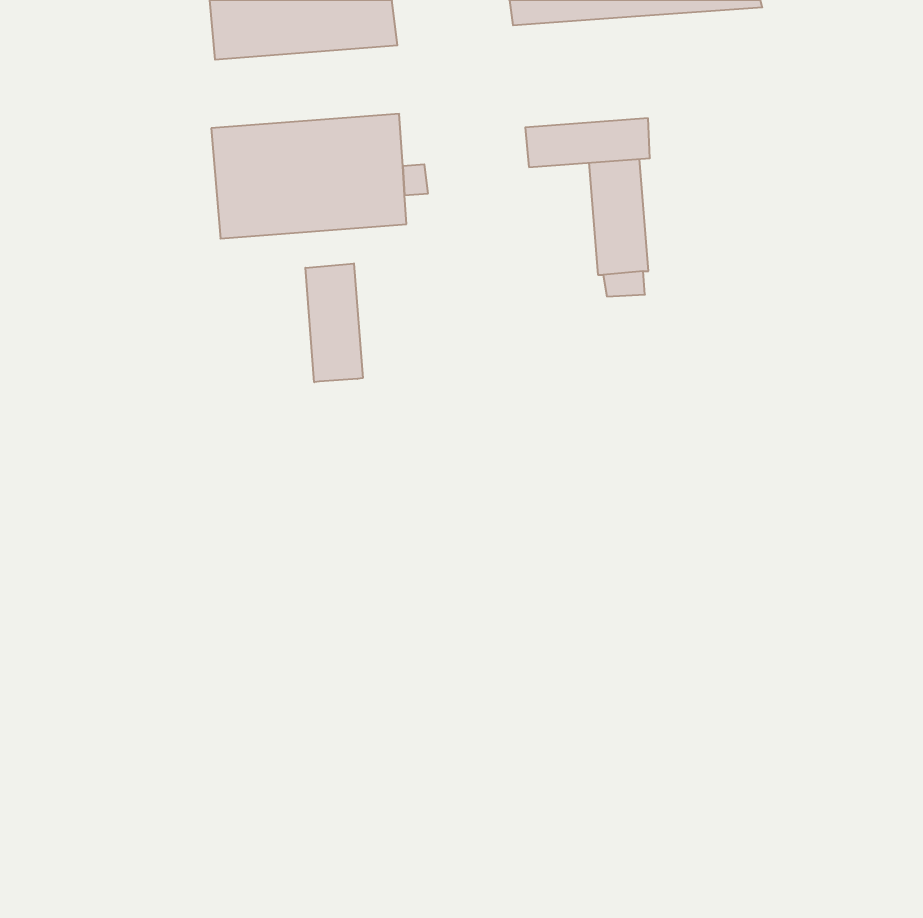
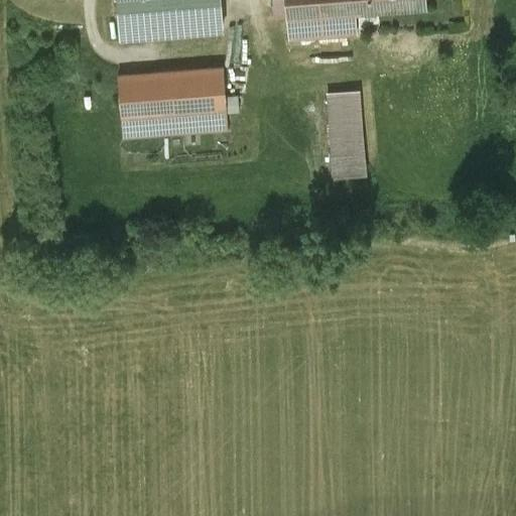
building: [525,118,650,167] -> [286,12,356,39]
building: [305,263,363,382] -> none

